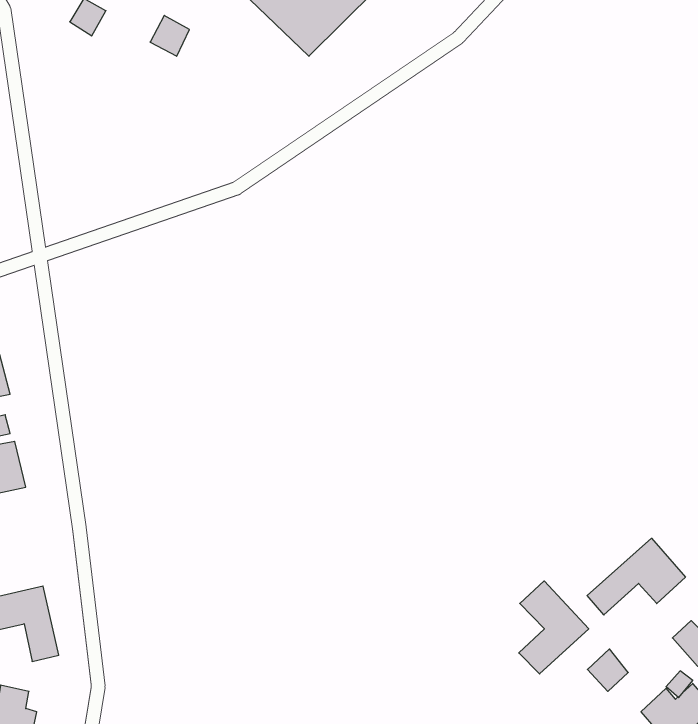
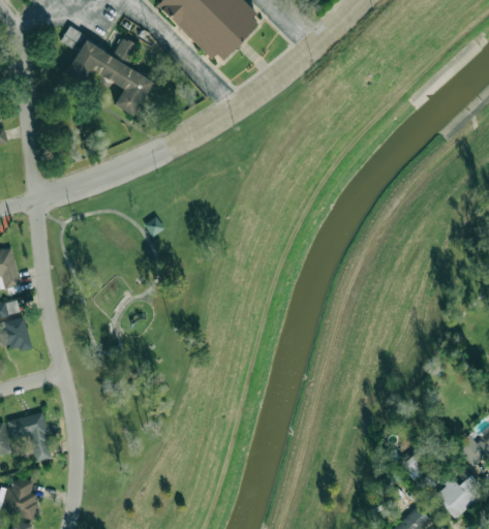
building: none -> [65,40,153,116]
building: [587,538,685,615] -> none
building: [519,581,589,674] -> none

